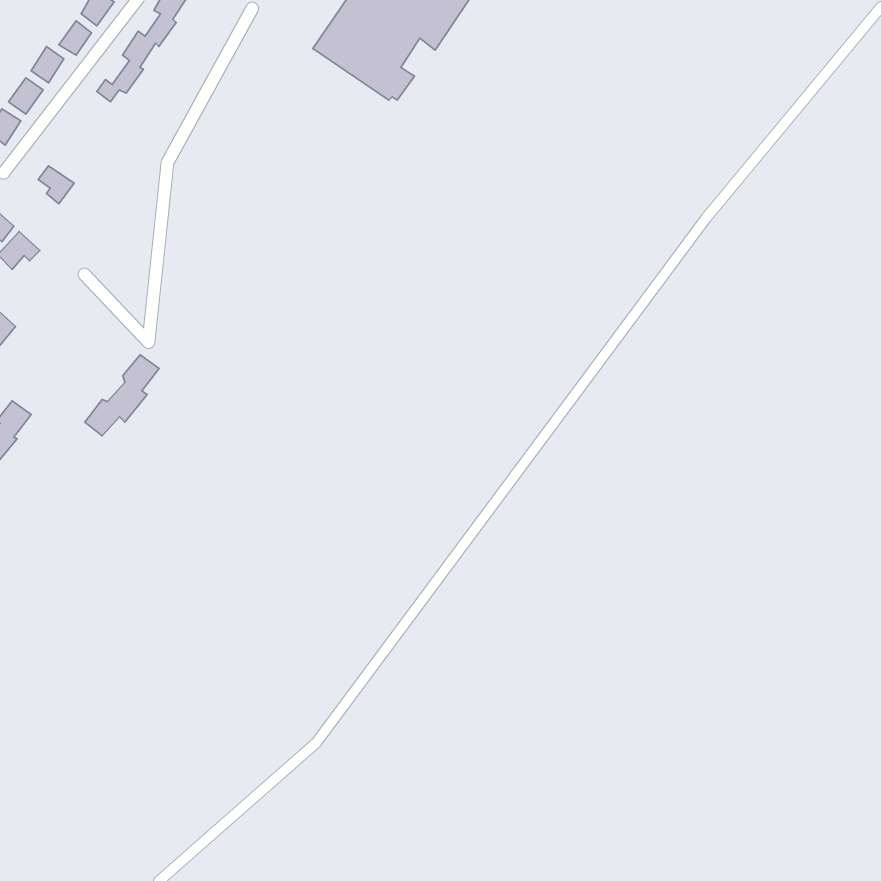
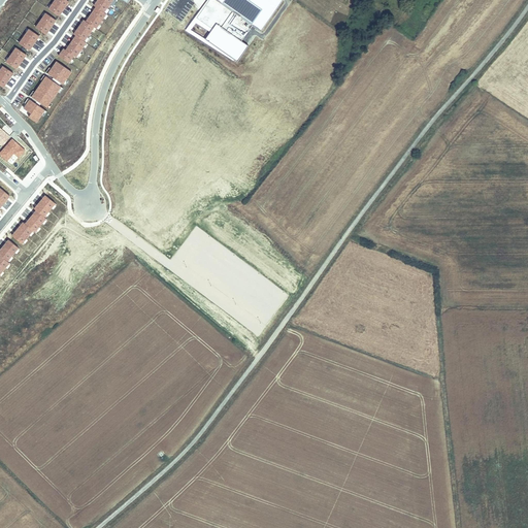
building: none -> [31,61,71,106]
building: [85,355,159,436] -> [11,194,56,242]

